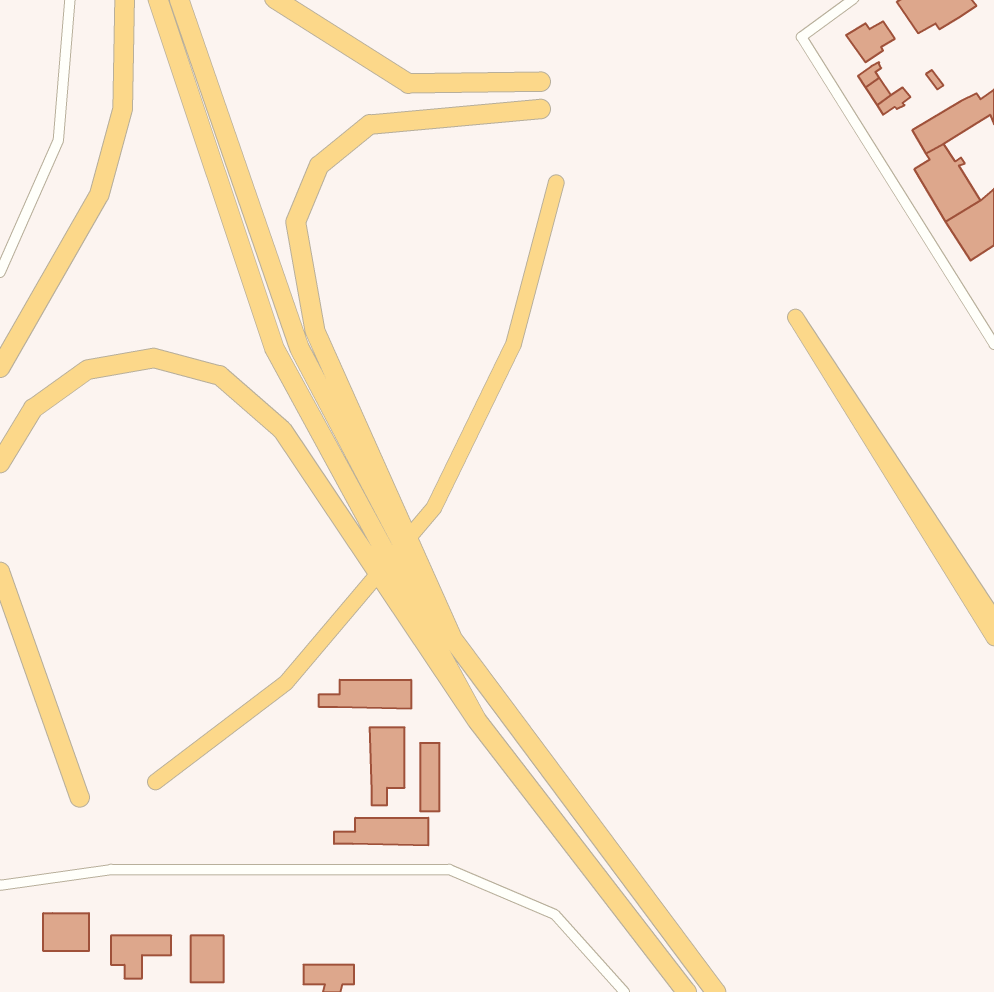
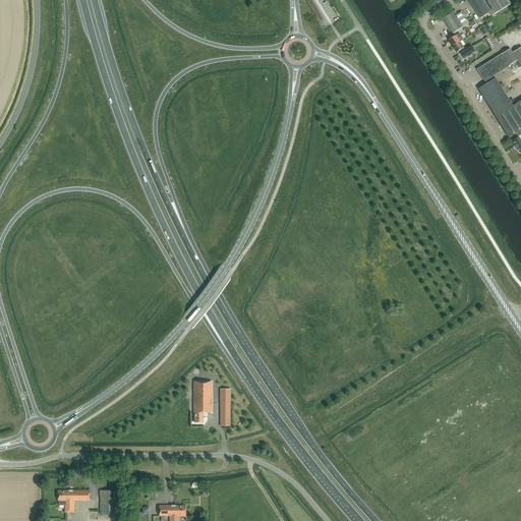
building: [319,680,411,709] -> none
building: [334,818,428,845] -> none
building: [43,913,89,951] -> none

